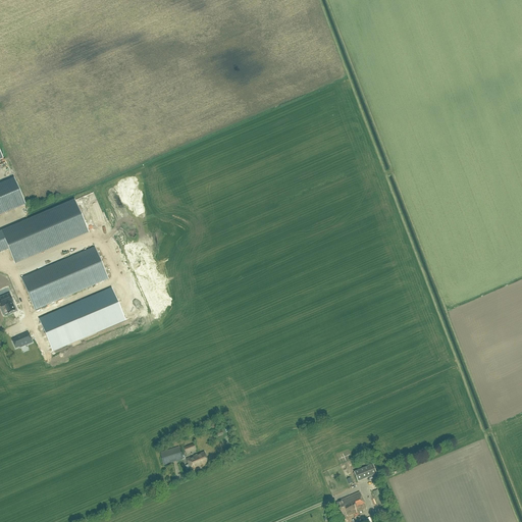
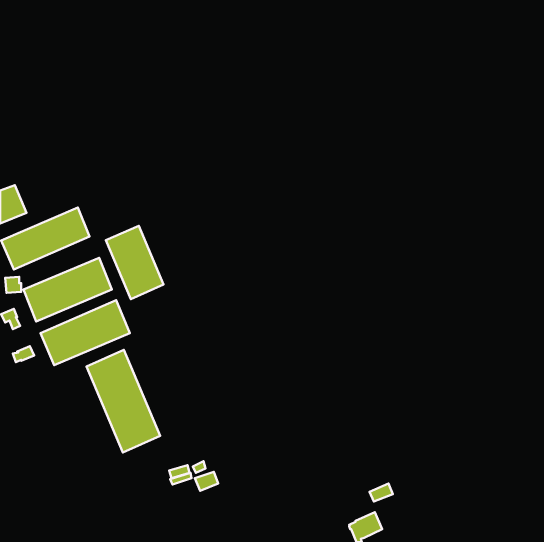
building: none -> [106,226,164,299]
building: none -> [87,350,160,452]

